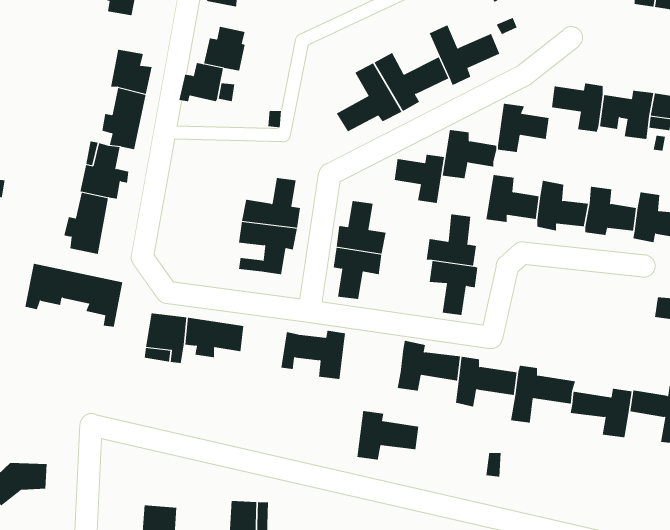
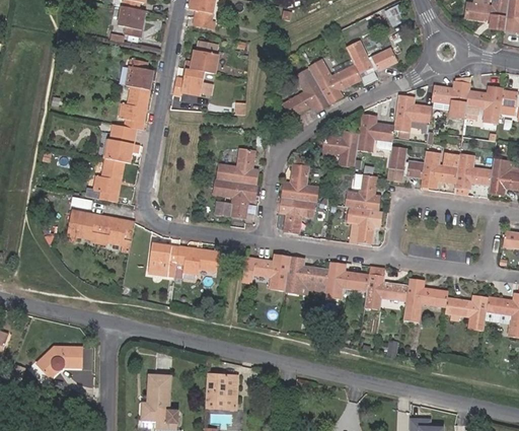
building: [357,411,419,460] -> [285,257,328,291]

